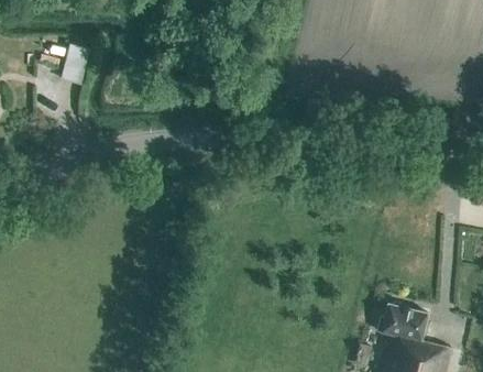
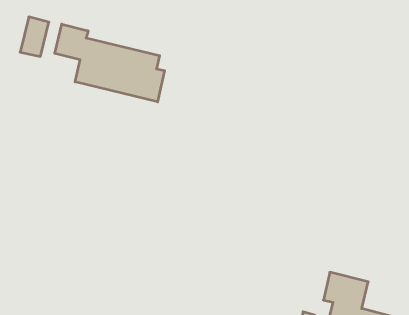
building: none -> [55,24,165,102]

